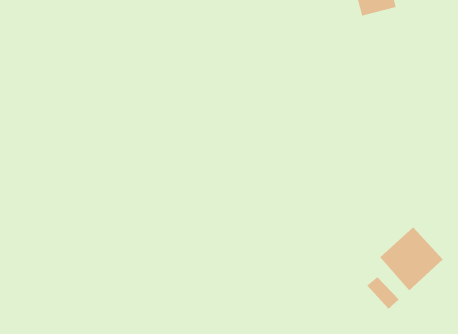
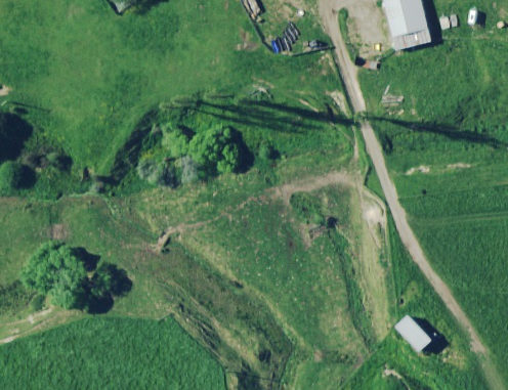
building: [379,226,444,291] -> none

